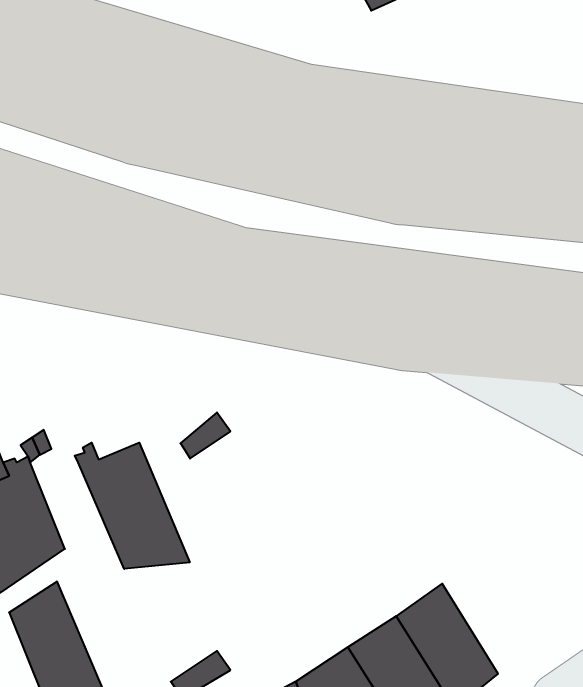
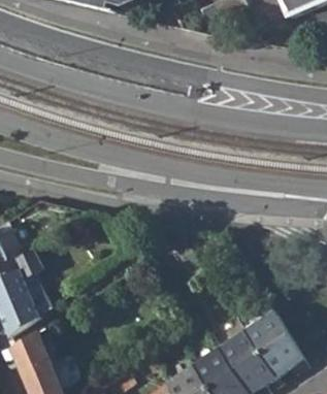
building: [75,443,190,569] -> none
building: none -> [236,300,305,379]

